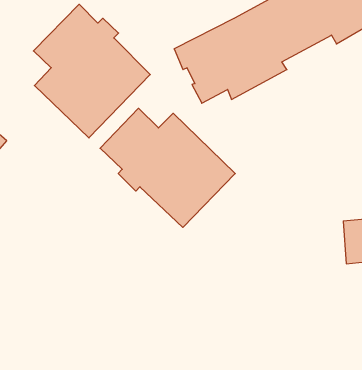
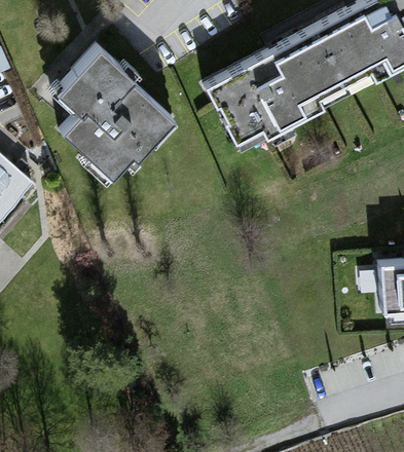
building: [100,108,235,227] -> none

